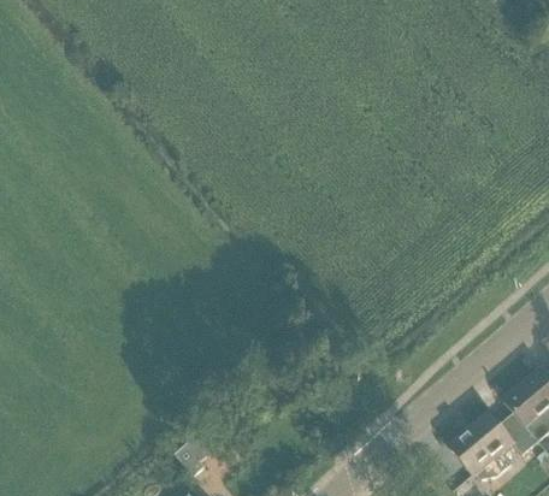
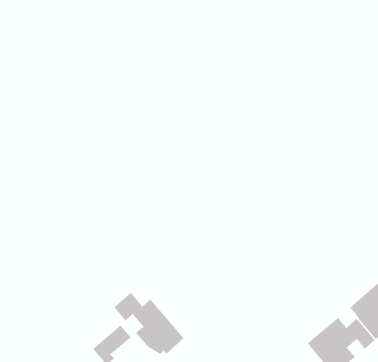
building: none -> [113,292,184,355]

